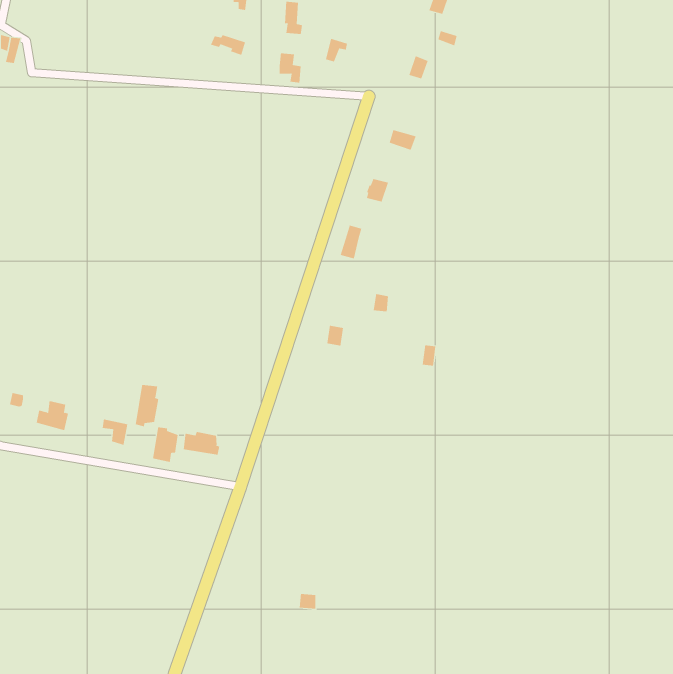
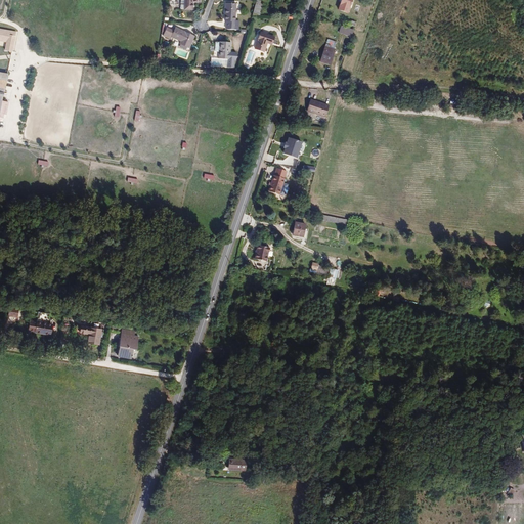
building: [135,384,159,427] -> none
building: [183,431,220,456] -> none

